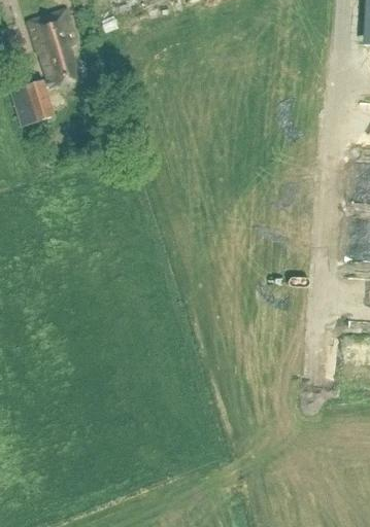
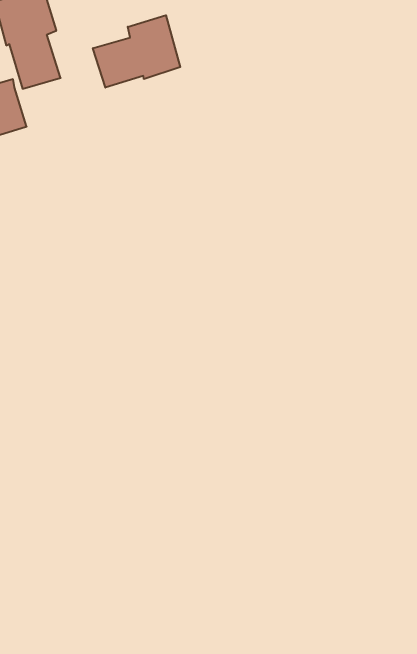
building: none -> [93,15,180,88]

